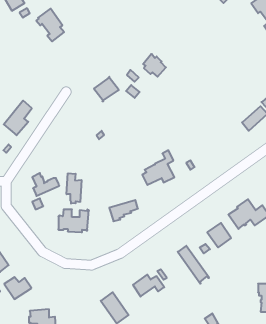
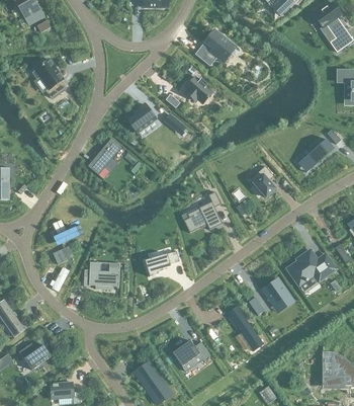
building: [36,9,64,41] -> [31,58,65,97]
building: none -> [201,28,233,65]
building: [4,101,32,135] -> [87,137,120,178]
building: none -> [249,165,275,196]
building: [67,173,81,204] -> none

